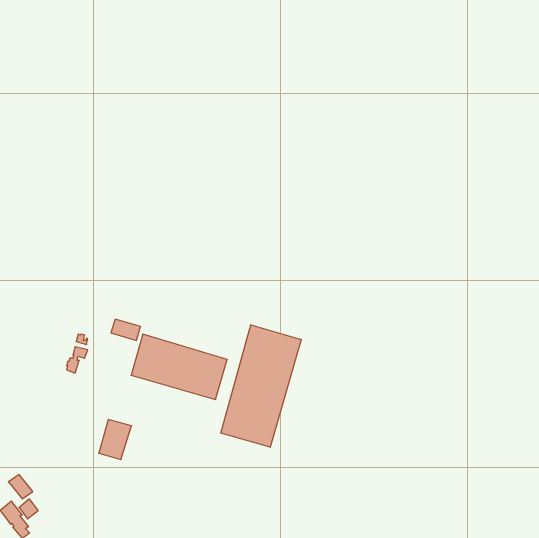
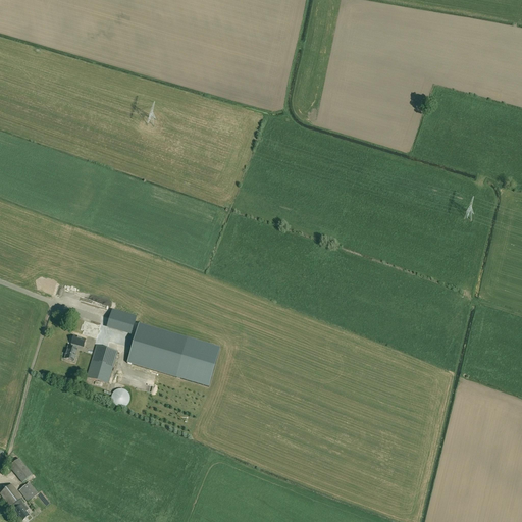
building: [221,325,301,447] -> none
building: [99,419,132,460] -> [86,344,117,382]

